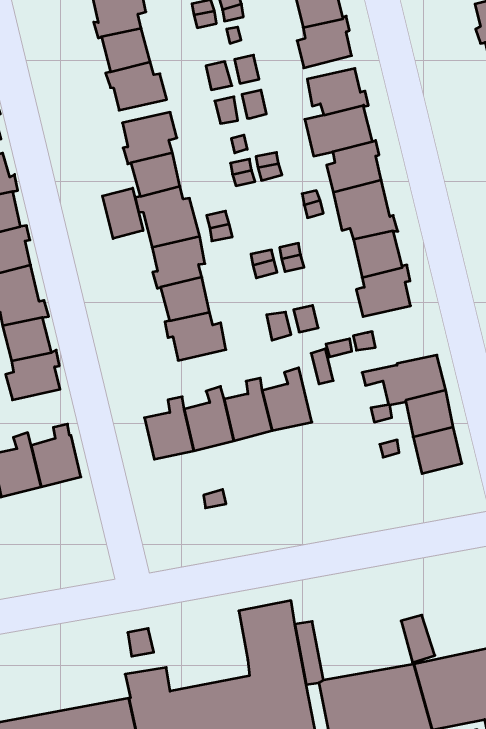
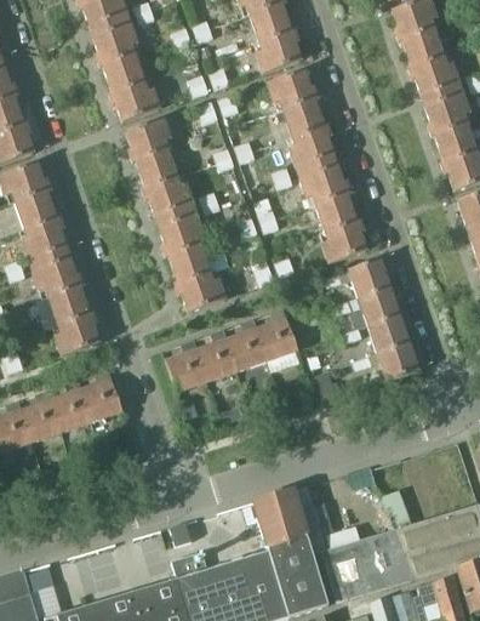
building: [102,188,143,239] -> none
building: none -> [350,260,390,297]

